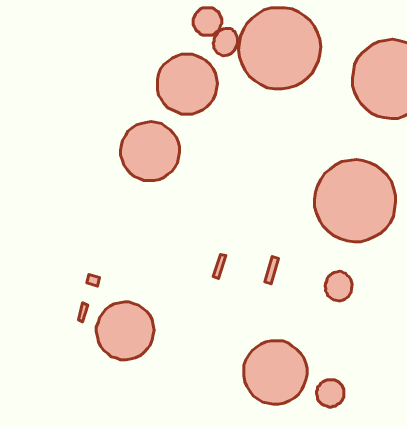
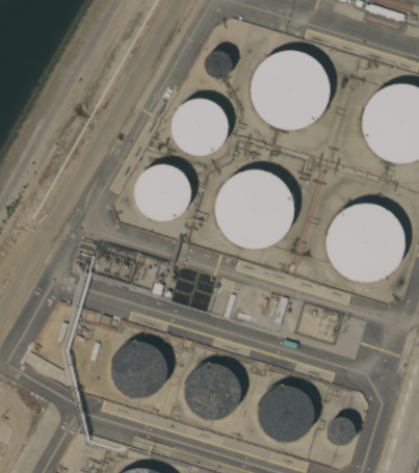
building: [213,28,238,56] -> none
building: none -> [216,172,295,251]
building: [325,271,352,301] -> none
building: none -> [184,364,240,420]

